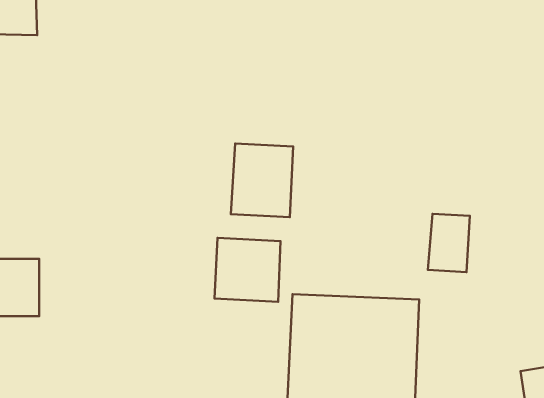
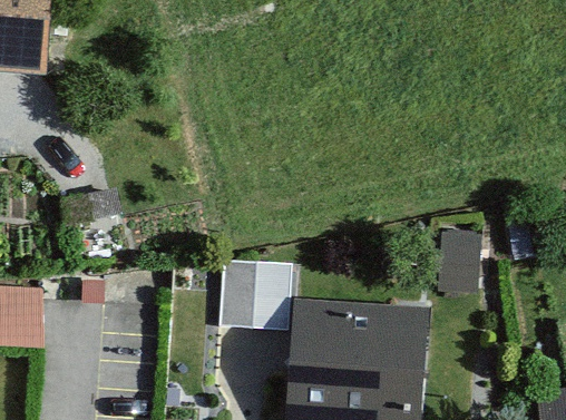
building: [231,144,293,217] -> none

